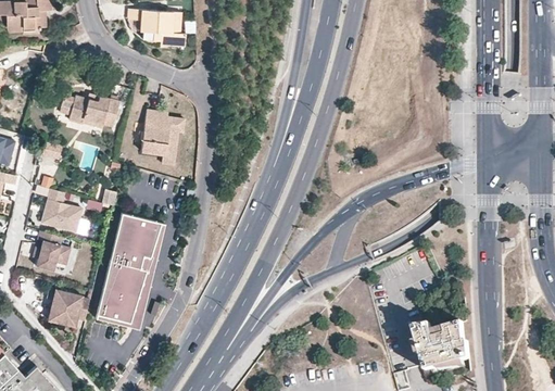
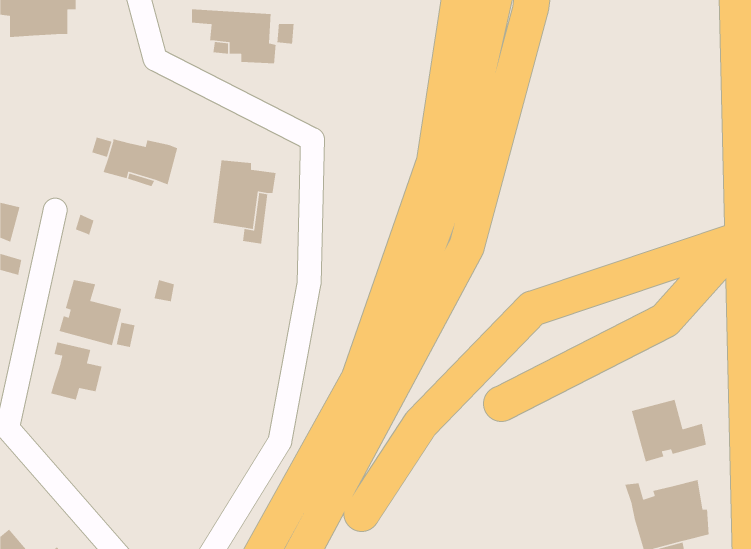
building: [94,213,160,324] -> none
building: none -> [631,399,707,462]
building: [47,288,89,326] -> none

